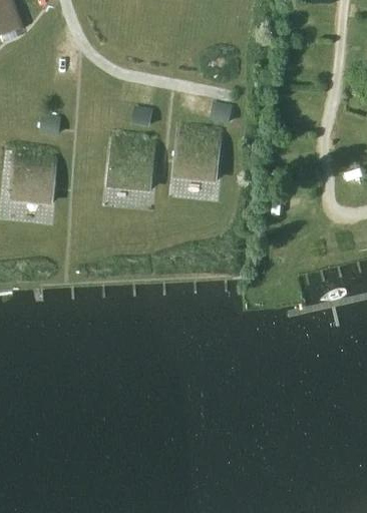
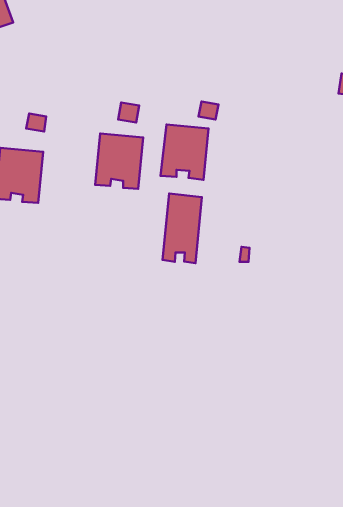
building: none -> [163,194,202,263]

